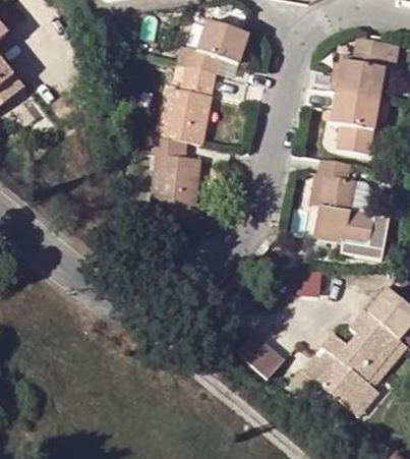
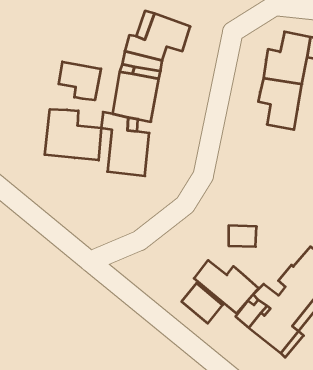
building: none -> [59,62,101,100]
building: none -> [45,109,101,160]
building: [315,160,374,245] -> none
building: none -> [194,260,259,314]

